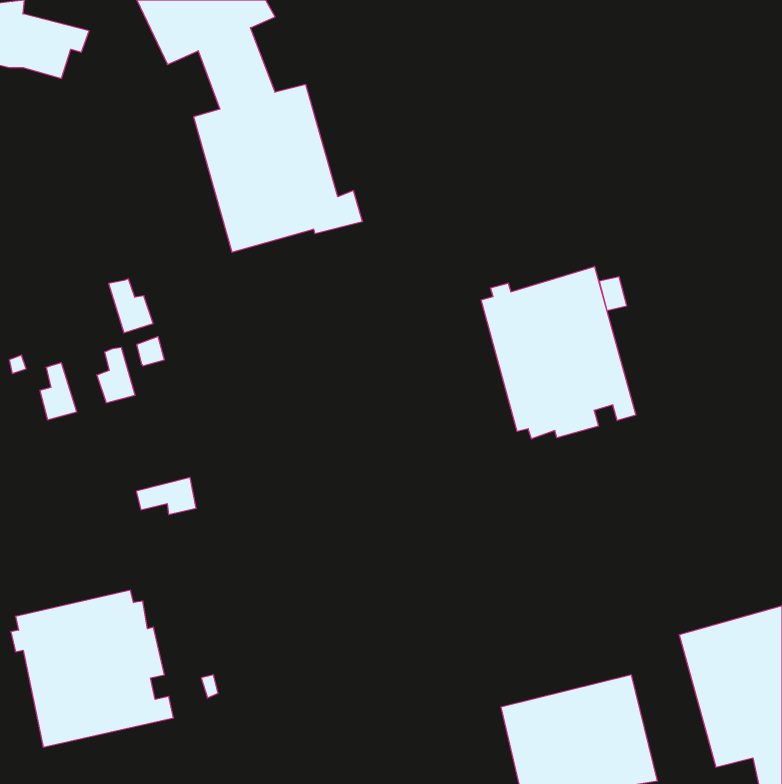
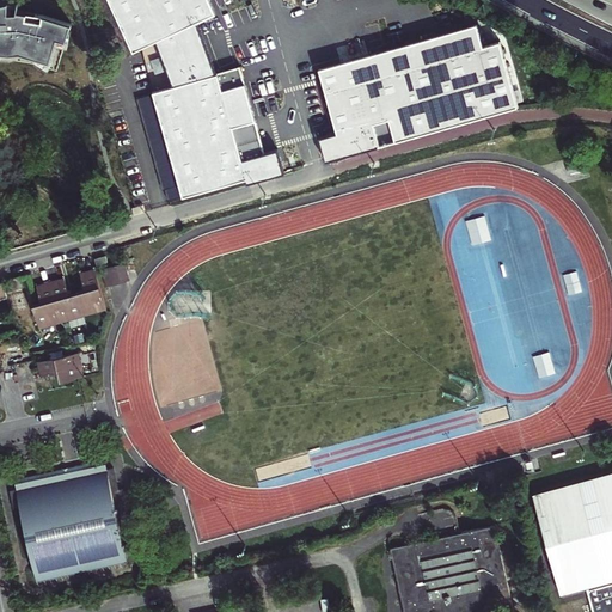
building: none -> [317,25,516,161]
building: [481,266,636,439] -> none
building: [109,279,153,333] -> [48,280,82,322]
building: [136,477,196,514] -> [36,353,82,381]

